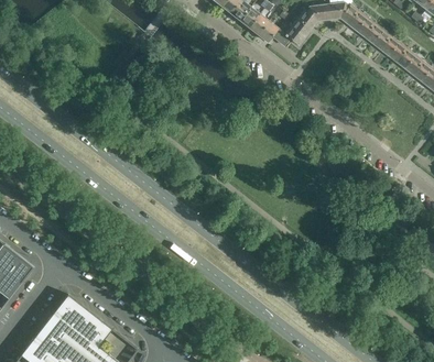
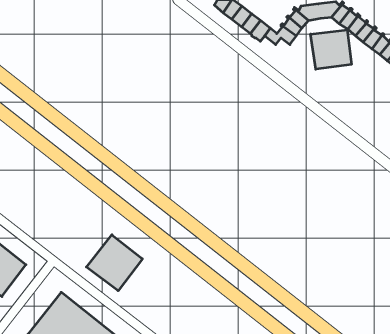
building: none -> [311,30,351,69]
building: none -> [86,235,142,291]

